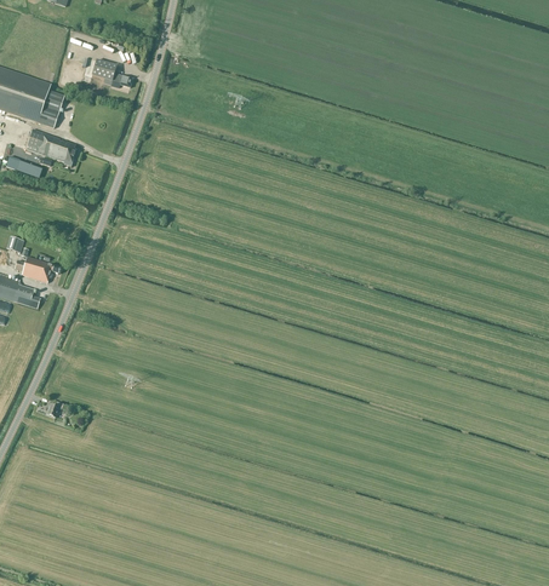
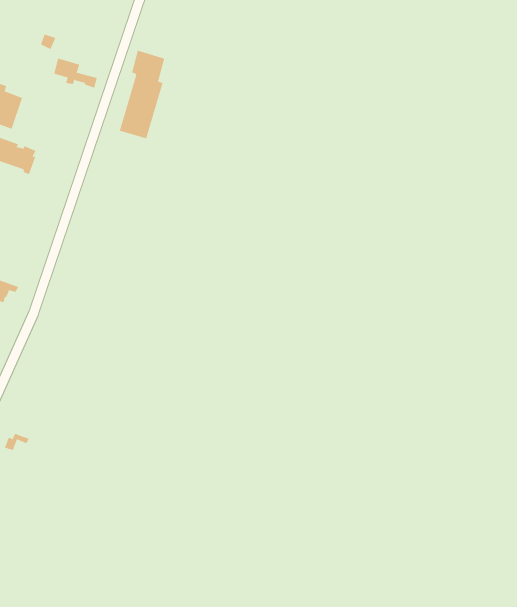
building: none -> [119,50,165,139]

